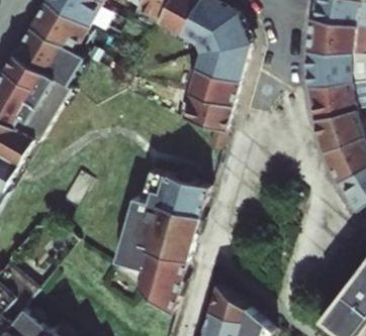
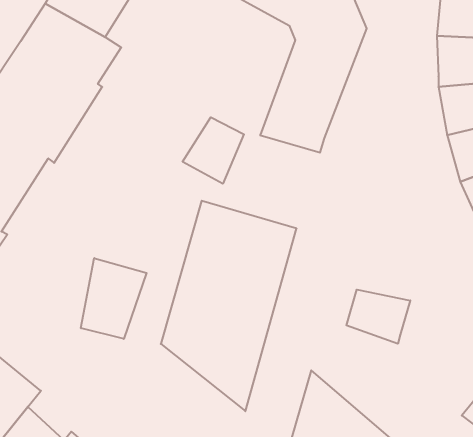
building: none -> [183,117,244,184]
building: none -> [81,258,147,339]
building: none -> [346,290,410,344]

